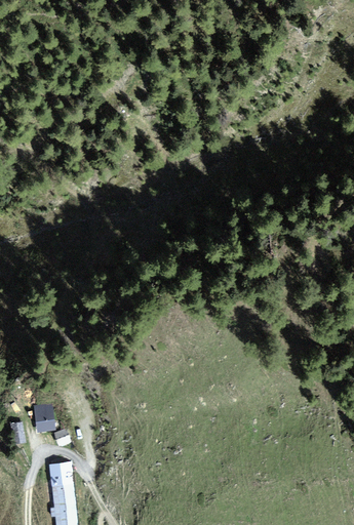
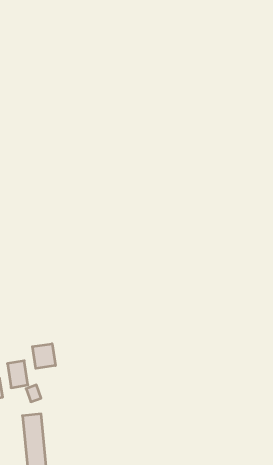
building: none -> [32,344,55,368]

